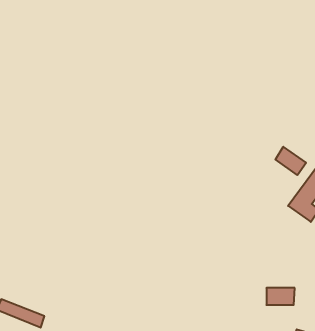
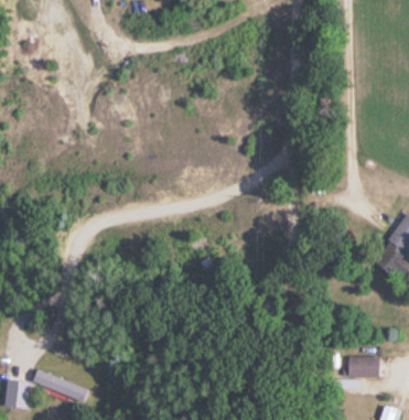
building: [275,147,306,175] -> none

